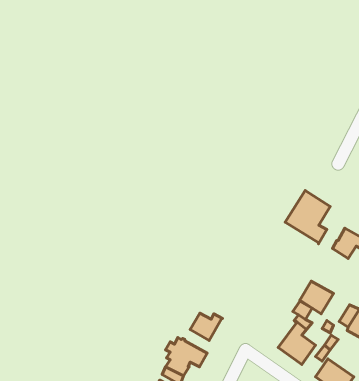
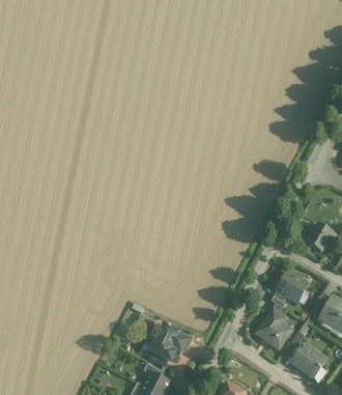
building: [285,191,330,244] -> none
building: [190,313,222,341] -> none

